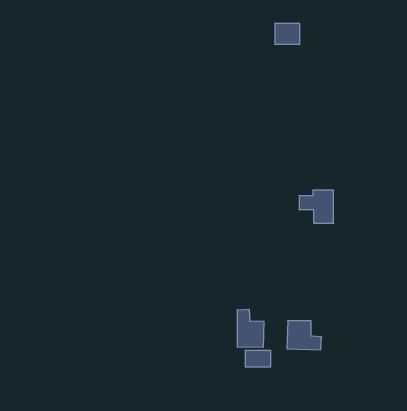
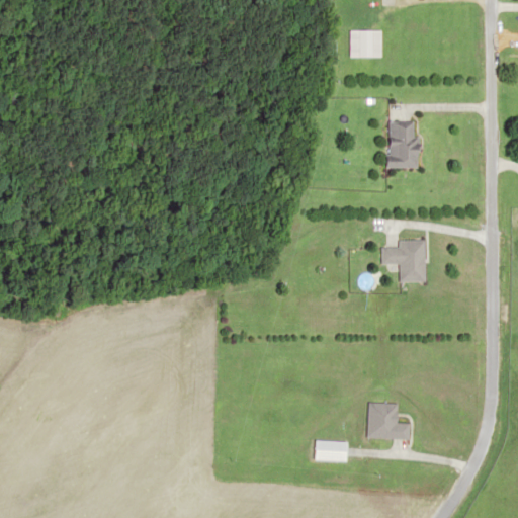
building: none -> [388,122,419,168]
building: [237,309,264,347] -> none

